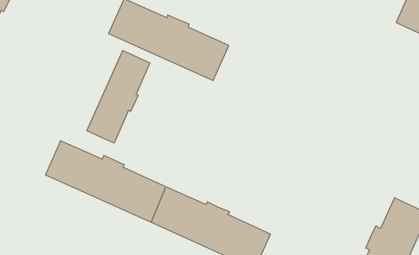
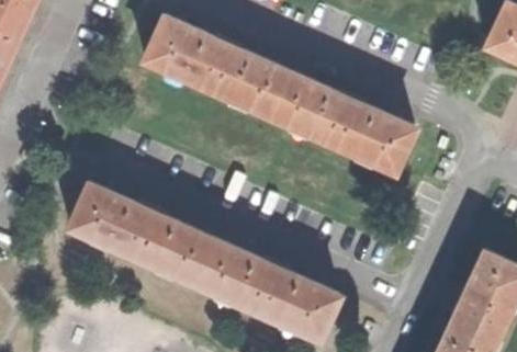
building: none -> [270,73,413,171]
building: [87,51,150,143] -> none

